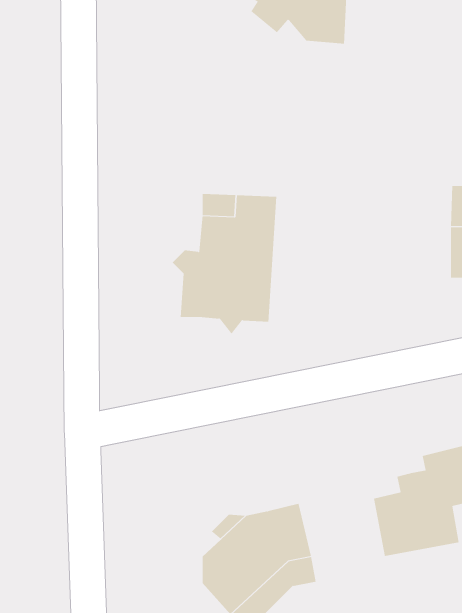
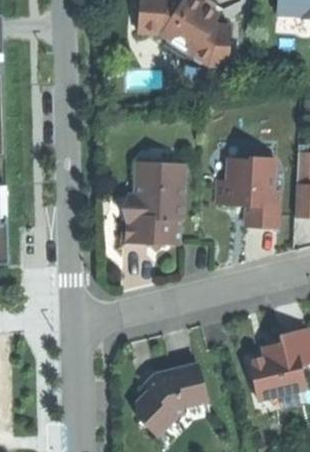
building: none -> [221,159,281,231]

